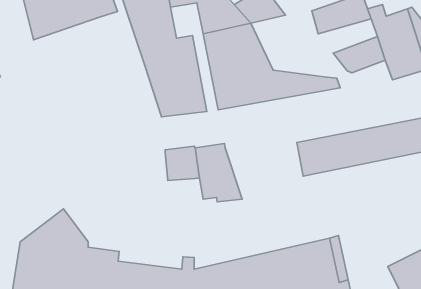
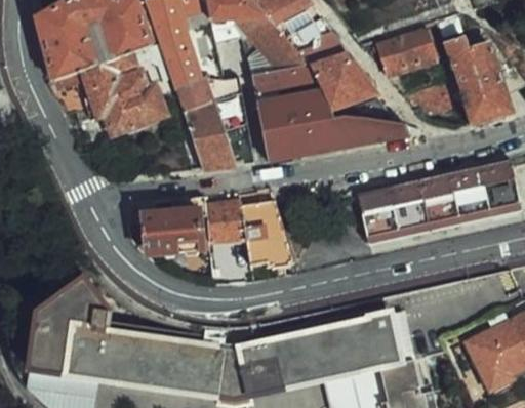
building: none -> [304,50,392,122]
building: none -> [46,52,164,133]
building: none -> [135,200,208,255]

